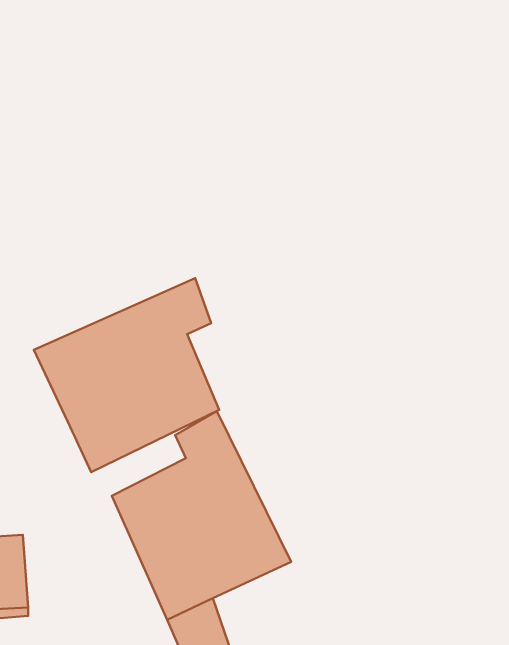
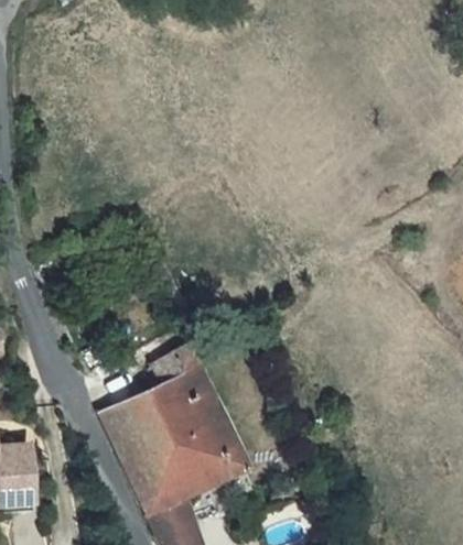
building: [34,278,219,472] -> none

